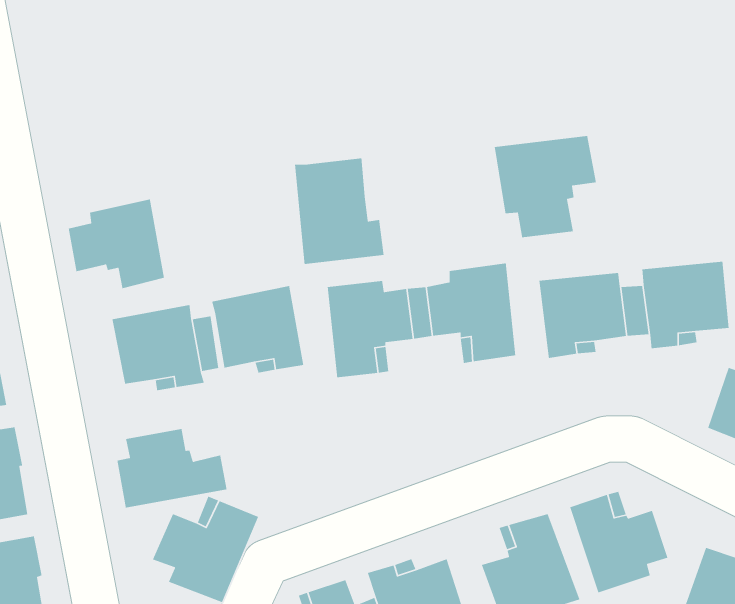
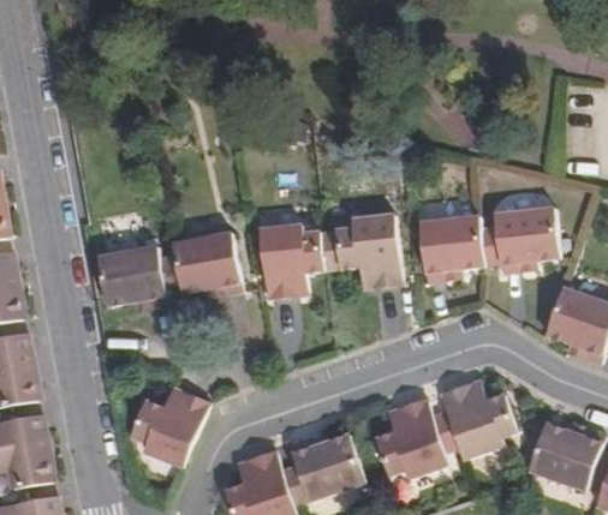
building: [494,135,597,238] -> none
building: [294,157,384,265] -> none
building: [68,198,165,289] -> none
building: [116,428,227,509] -> none

